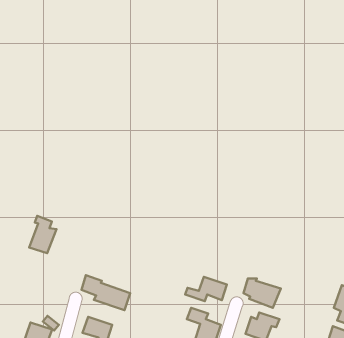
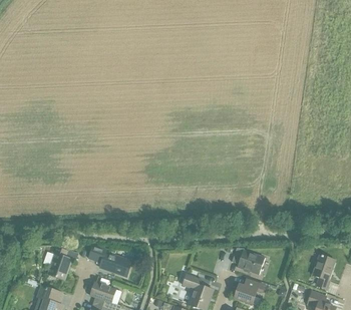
building: [29,216,56,253] -> [47,246,71,279]
building: [185,277,227,301] -> none

